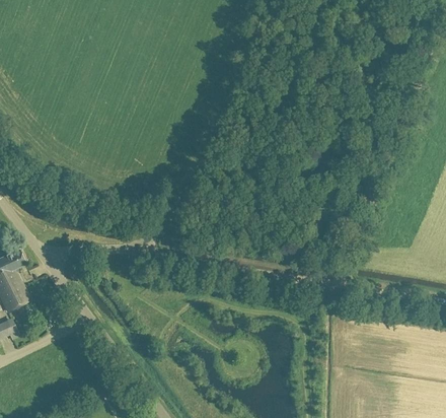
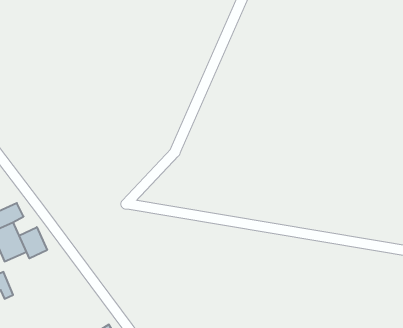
building: none -> [19,227,47,258]

